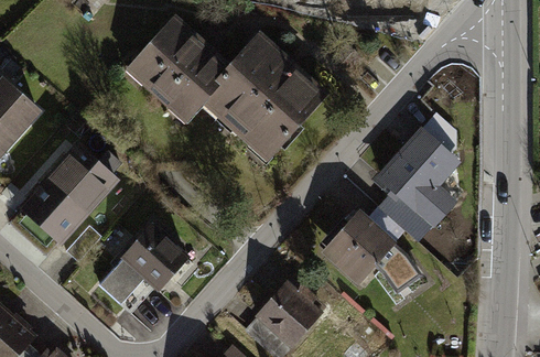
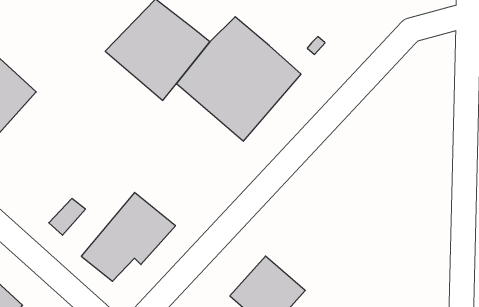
building: [367,120,464,240] -> none
building: [14,138,119,245] -> none
building: [327,205,401,279] -> none

